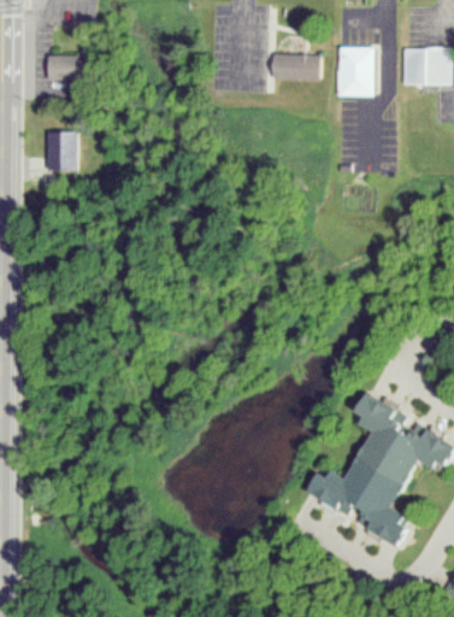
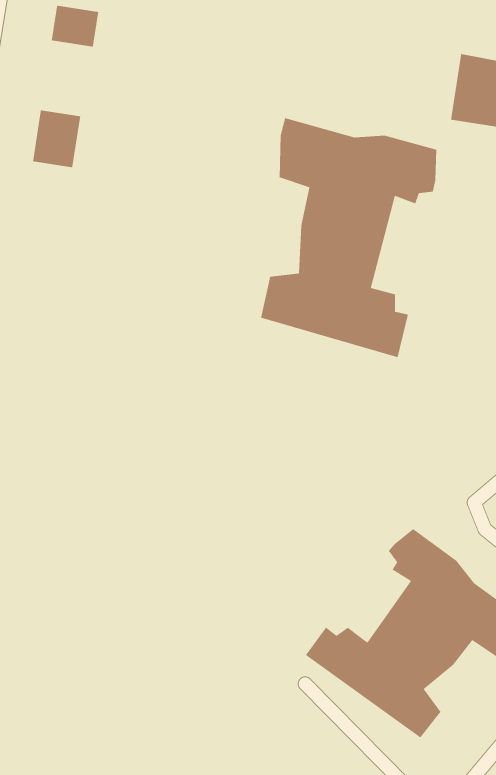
building: [279,51,326,78] -> none
building: none -> [260,117,437,358]

